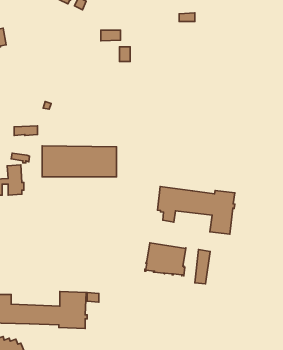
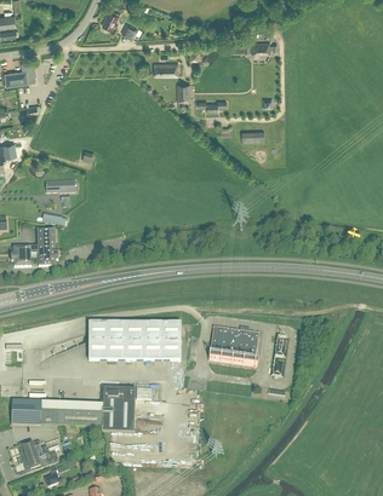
building: [42,146,116,177] -> [88,321,181,359]
building: [158,186,235,234] -> none

